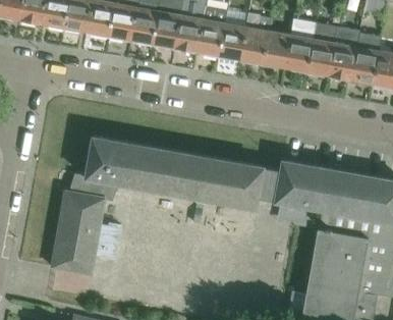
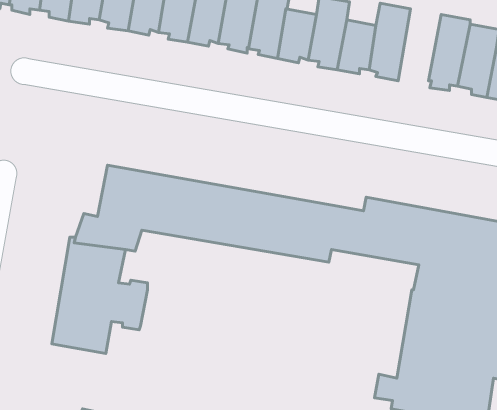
building: [306,21,338,77] -> none

